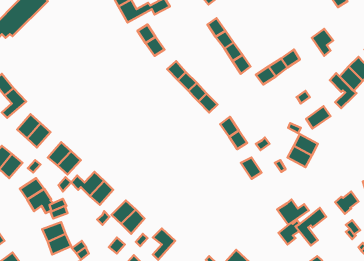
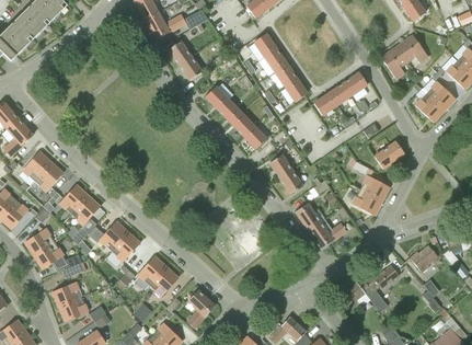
building: none -> [396,34,428,62]
building: [330,73,356,108] -> none
building: [277,200,309,225] -> [308,217,346,248]

